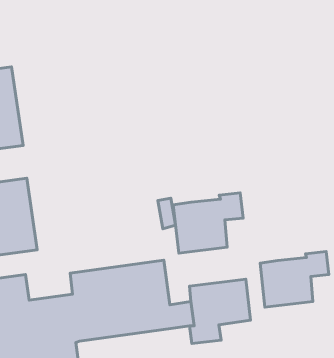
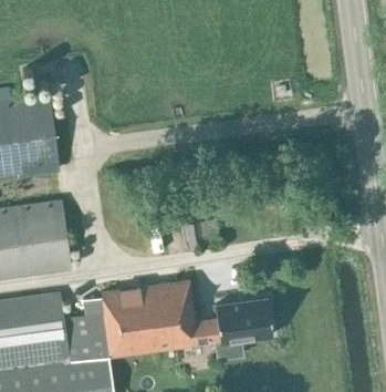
building: [173,193,243,253] -> none
building: [260,252,329,307] -> none

